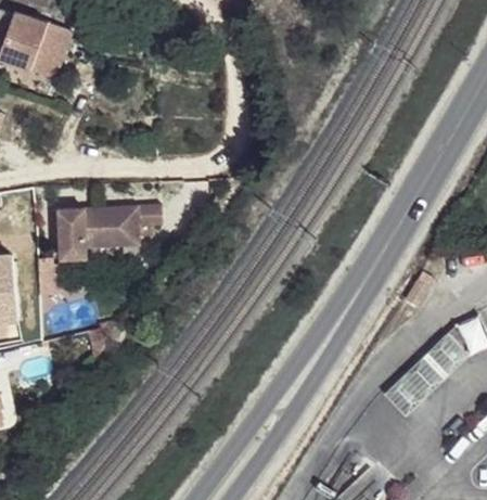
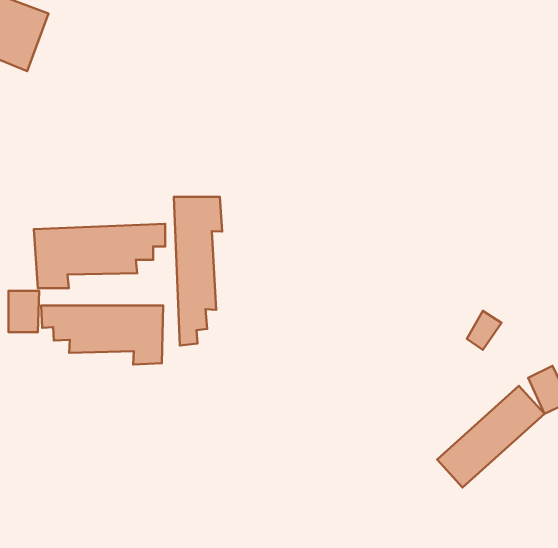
building: none -> [174,197,222,345]
building: none -> [41,306,163,364]

